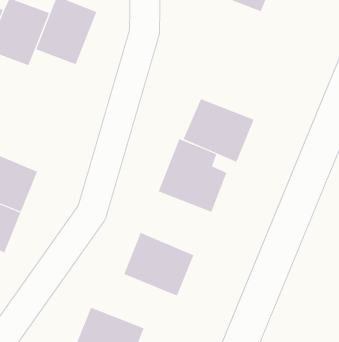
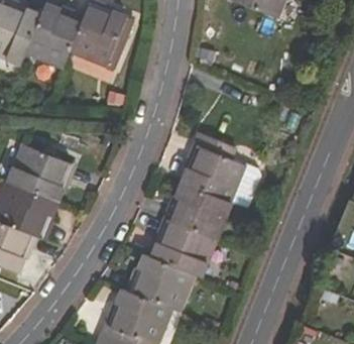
building: [183,99,254,162] -> [166,183,232,241]
building: none -> [129,254,193,311]

